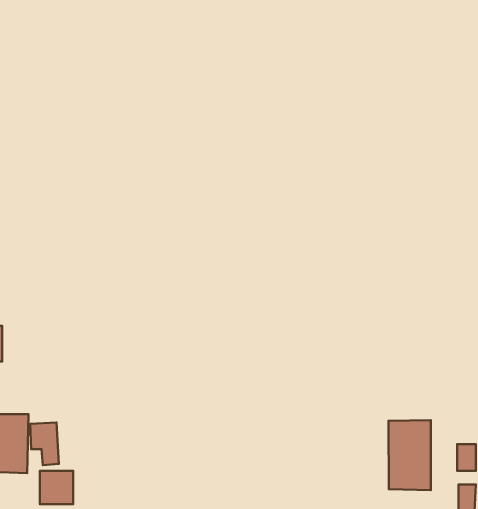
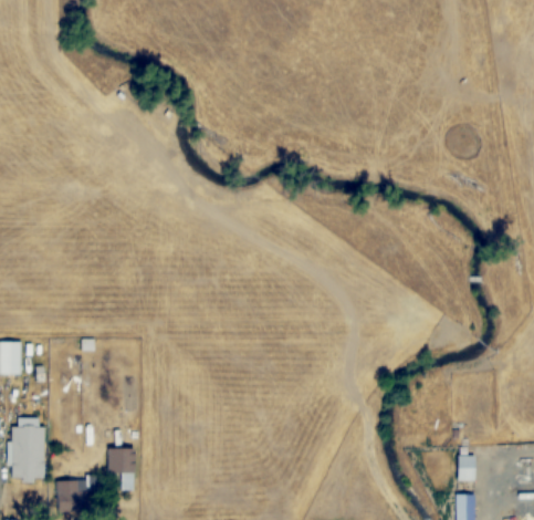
building: [389,420,431,490] -> none
building: [30,423,59,465] -> [108,447,136,488]

